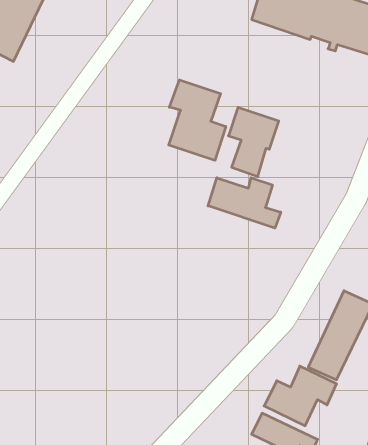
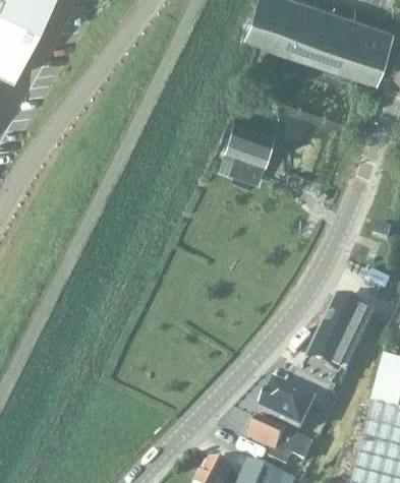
building: [169,80,226,160] -> none
building: [208,178,281,228] -> none

